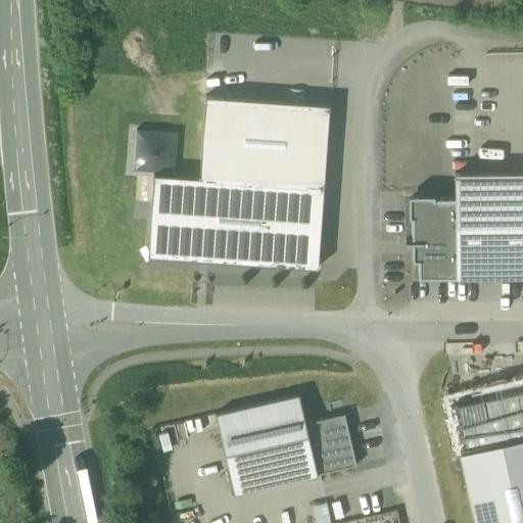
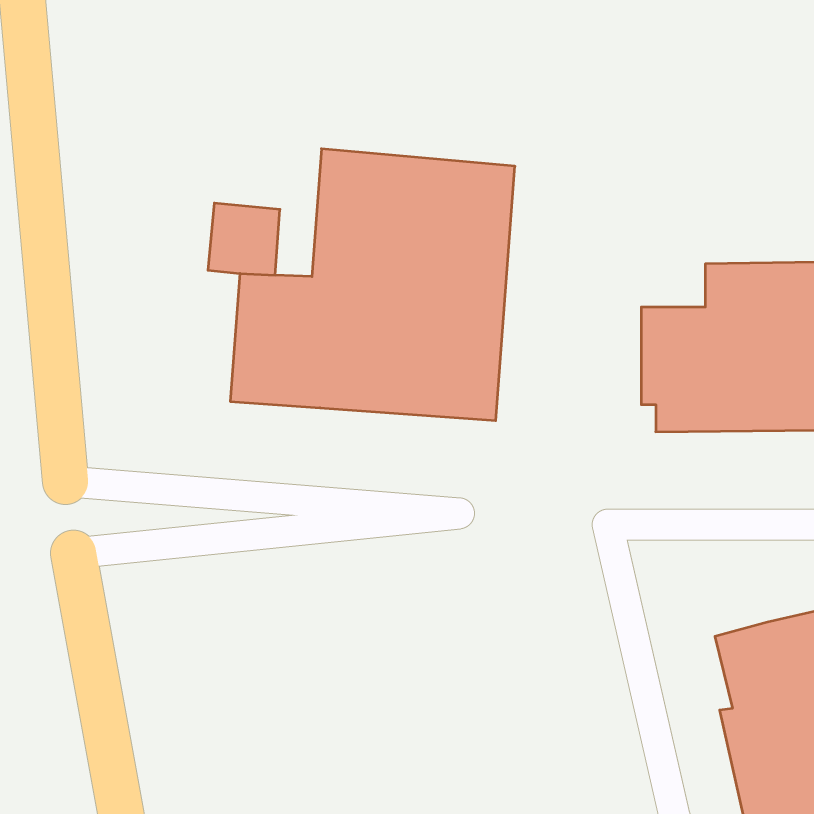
building: [217,396,359,496] -> none

